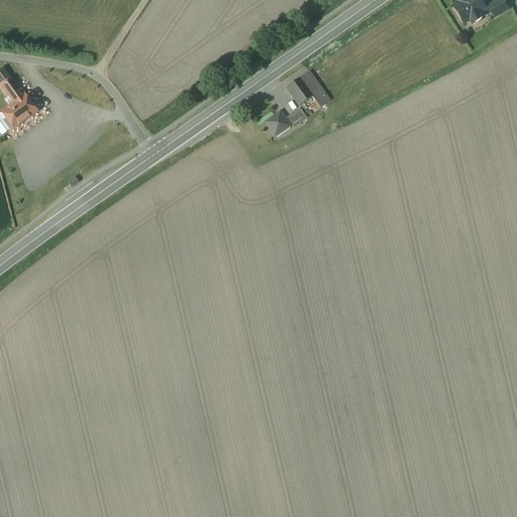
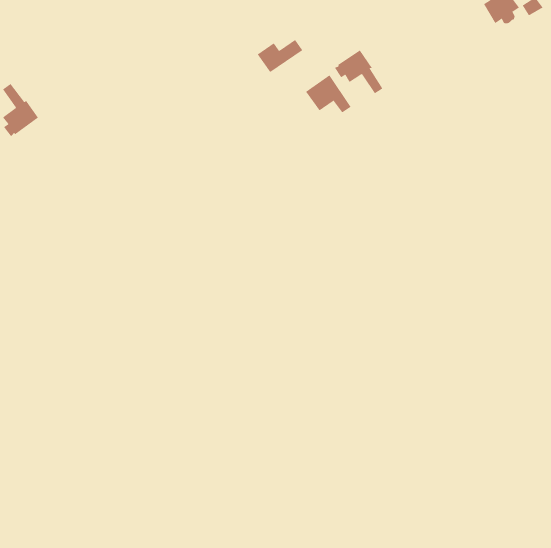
building: none -> [334,50,383,94]
building: [262,106,305,137] -> [257,39,303,73]

